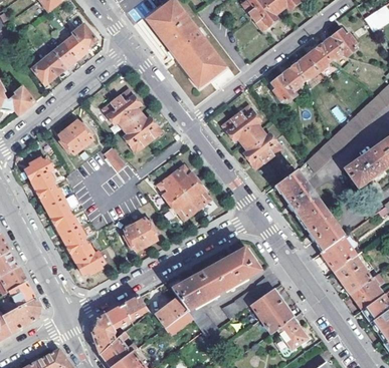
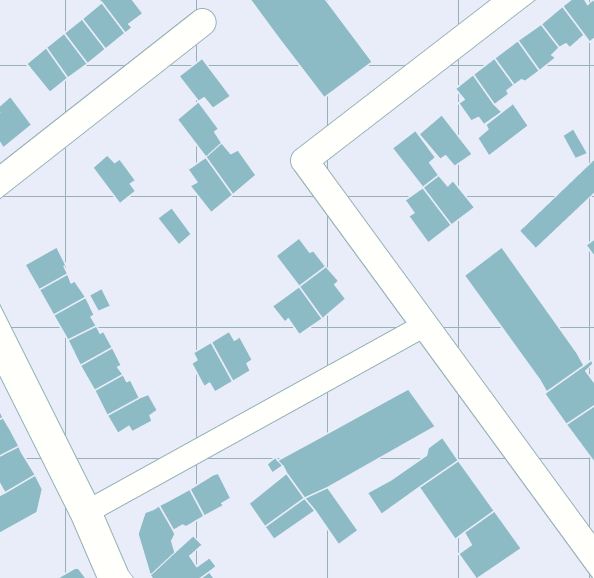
building: none -> [478,103,529,156]
building: [103,99,132,127] -> [179,58,231,109]
building: [223,115,253,144] -> [419,115,472,167]
building: [58,126,83,154] -> none
building: [25,156,53,180] -> none
building: [158,175,184,204] -> none

